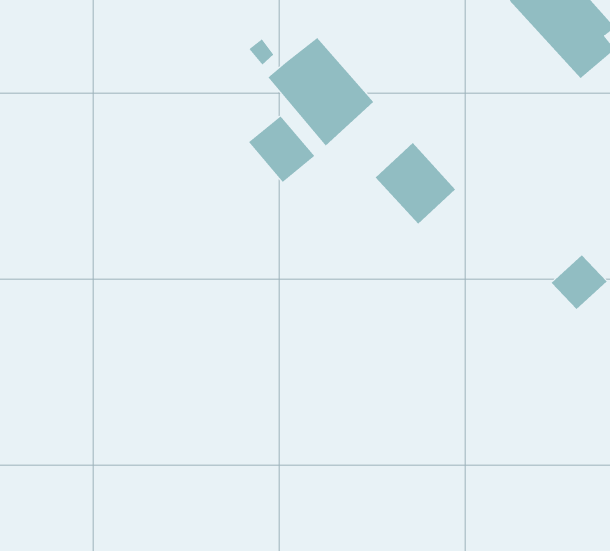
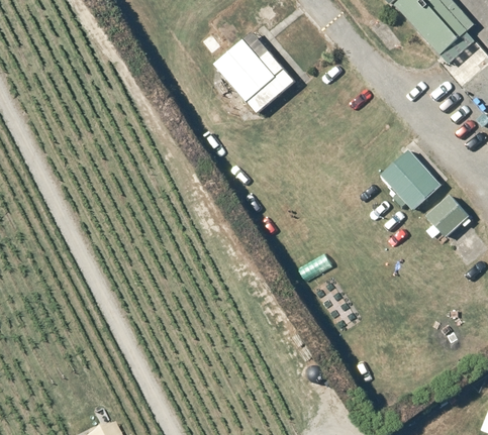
building: [248,115,315,183] -> none
building: [375,142,456,225] -> [380,149,441,211]

